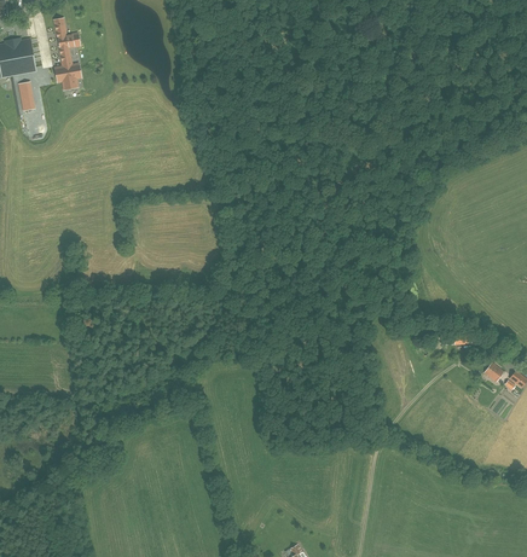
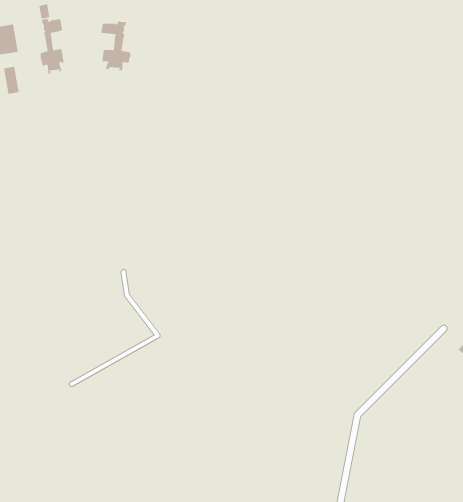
building: none -> [101,21,131,71]

